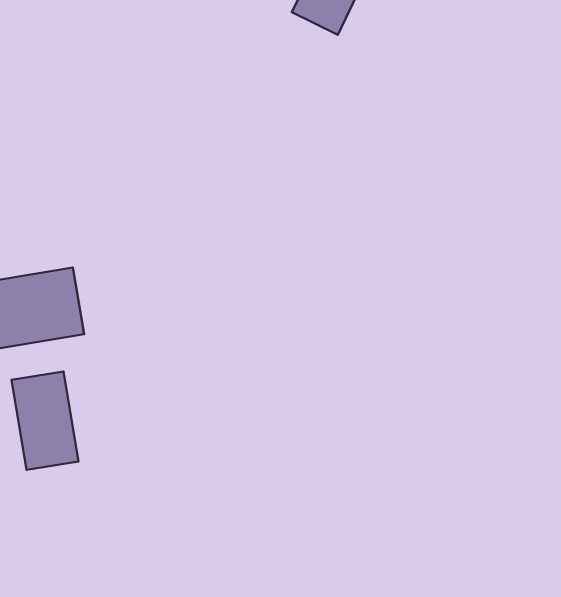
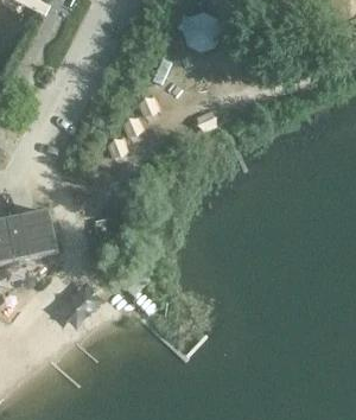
building: [12,372,78,470] -> none

